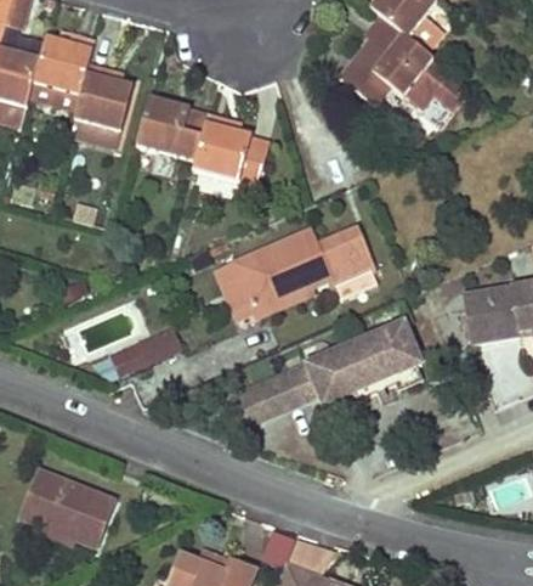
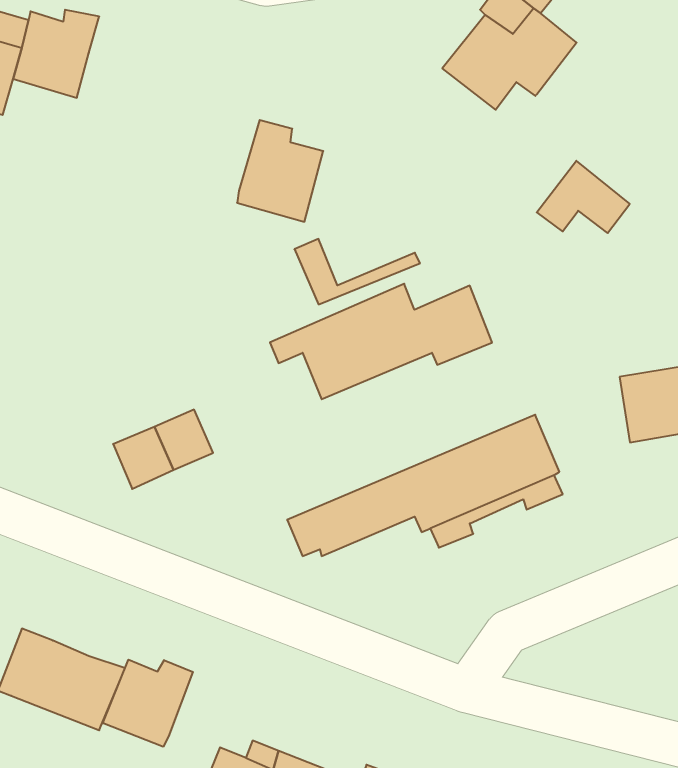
building: [404,58,470,109] -> [537,161,630,233]
building: [74,66,135,133] -> none
building: [137,97,209,163] -> none
building: [222,277,311,323] -> [294,239,420,304]
building: none -> [103,660,193,747]

